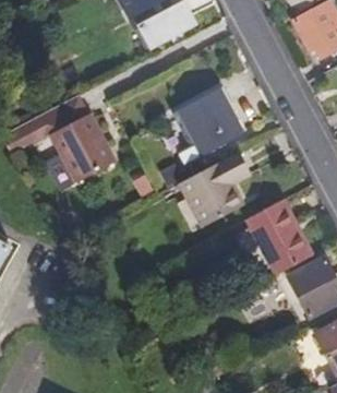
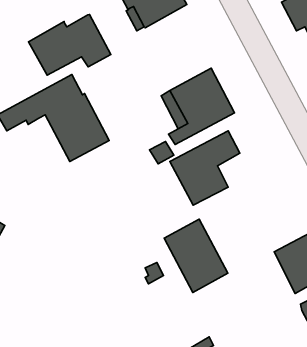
building: none -> [29,14,111,75]
building: [245,199,311,274] -> [164,219,228,292]

